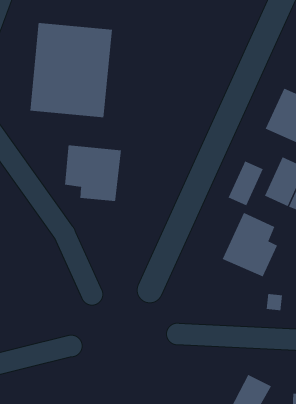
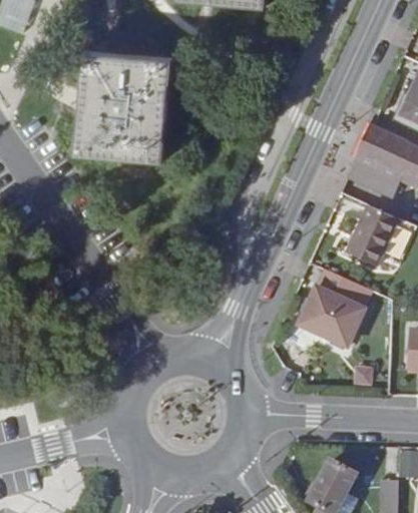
building: [64,145,121,202] -> none
building: [228,160,264,206] -> none

